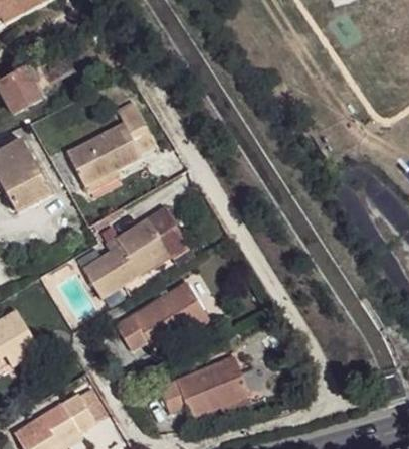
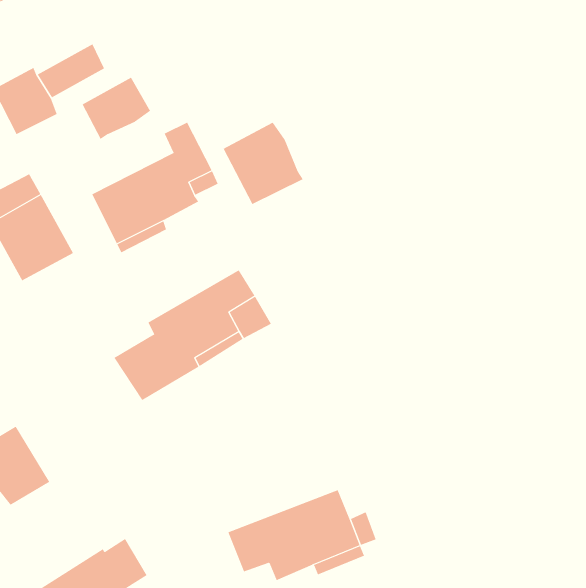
building: none -> [82,77,151,140]
building: none -> [223,122,304,205]
building: [115,281,207,350] -> none

